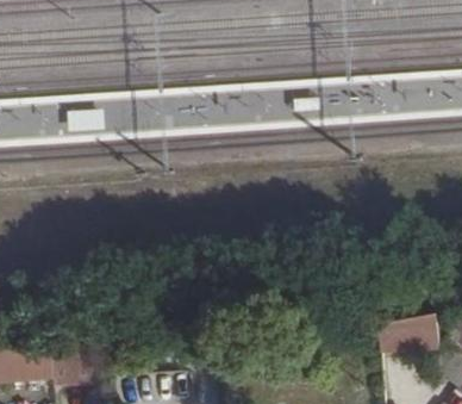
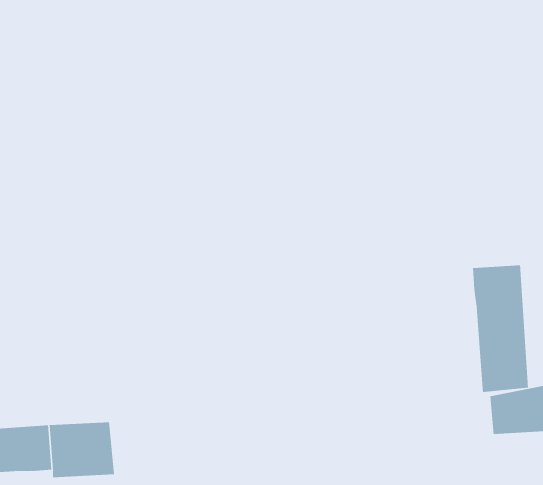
building: none -> [473,265,528,393]

